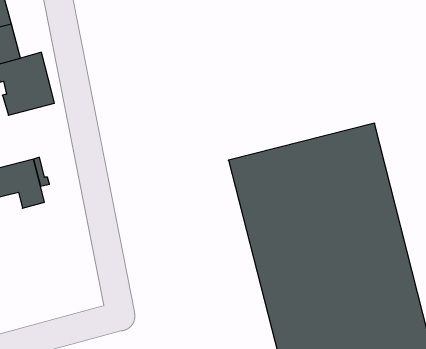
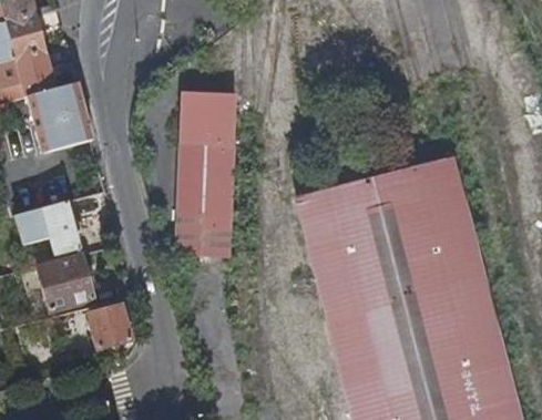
building: none -> [170,95,229,258]
building: none -> [42,253,99,310]
building: none -> [99,303,136,346]

